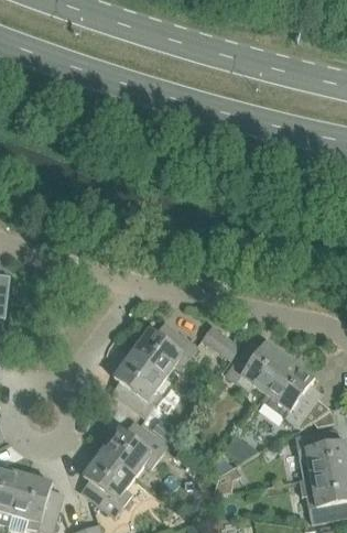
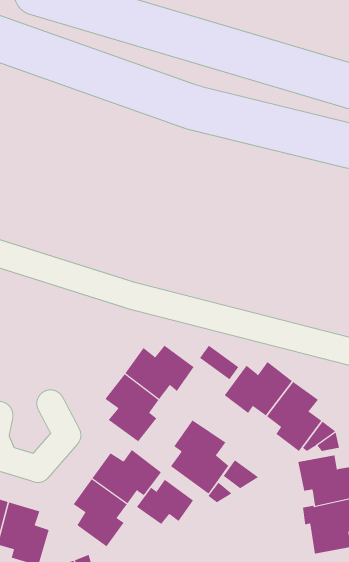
building: none -> [170,419,229,494]
building: none -> [136,479,194,525]

